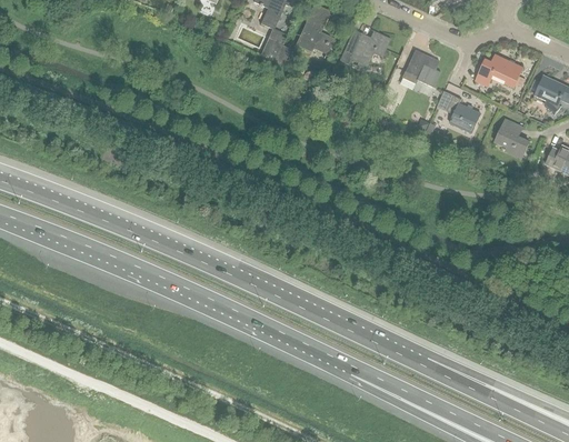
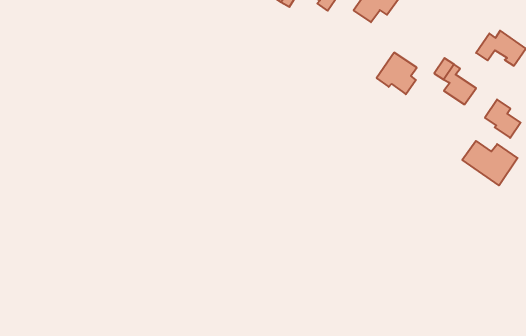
building: [401,49,440,88] -> [377,53,417,94]
building: none -> [462,141,518,185]

